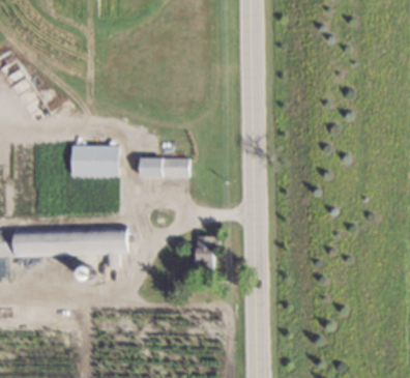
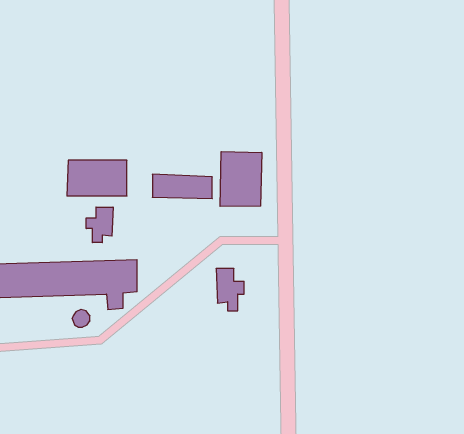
building: none -> [220,152,262,206]
building: none -> [86,207,113,243]

